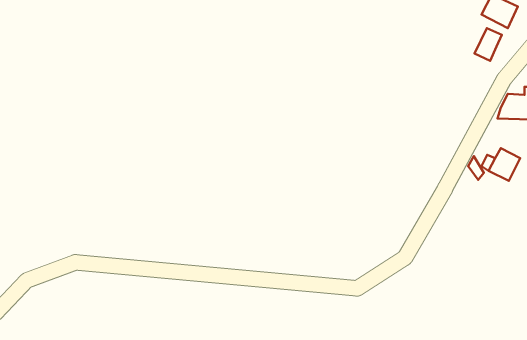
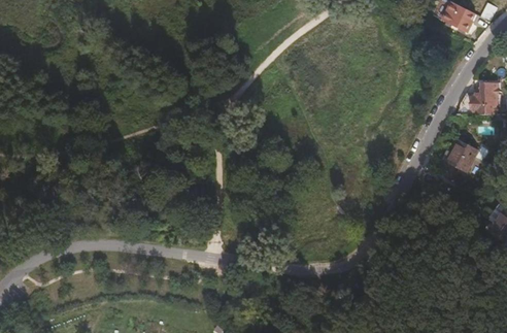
building: [475,28,502,61] -> none

